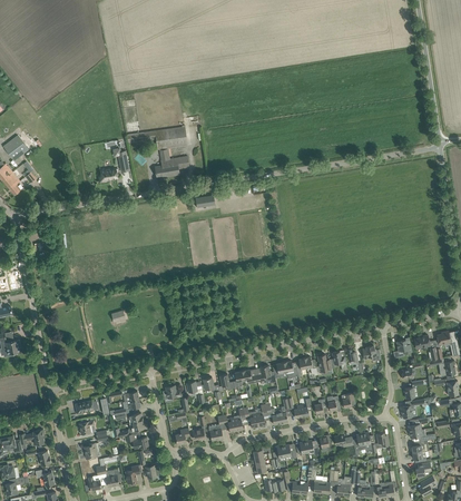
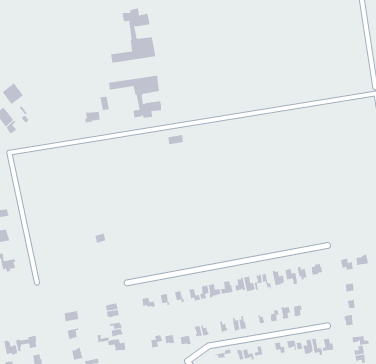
building: none -> [110,7,156,64]

